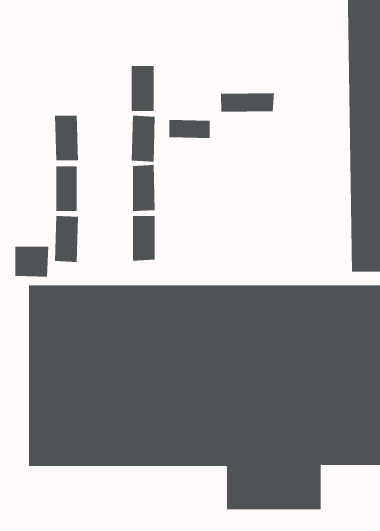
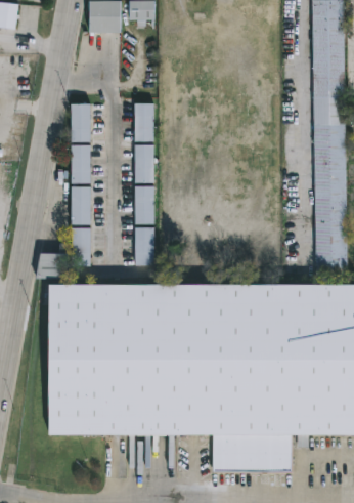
building: none -> [71,103,91,141]
building: [221,93,274,113] -> none
building: [169,119,210,139] -> none

